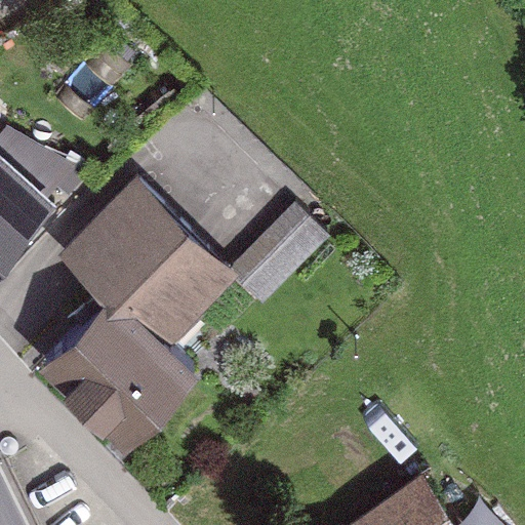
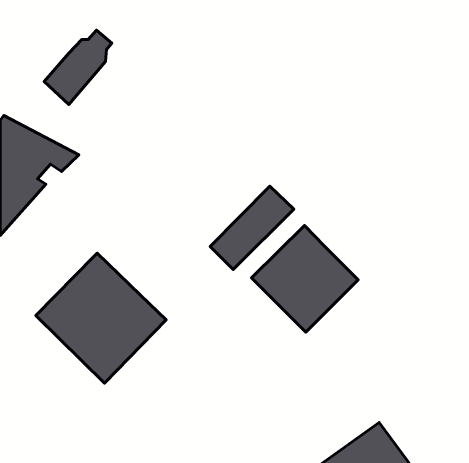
building: [72,186,221,336] -> none
building: none -> [251,226,358,332]

